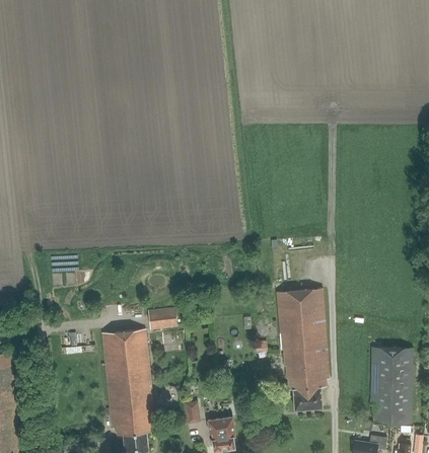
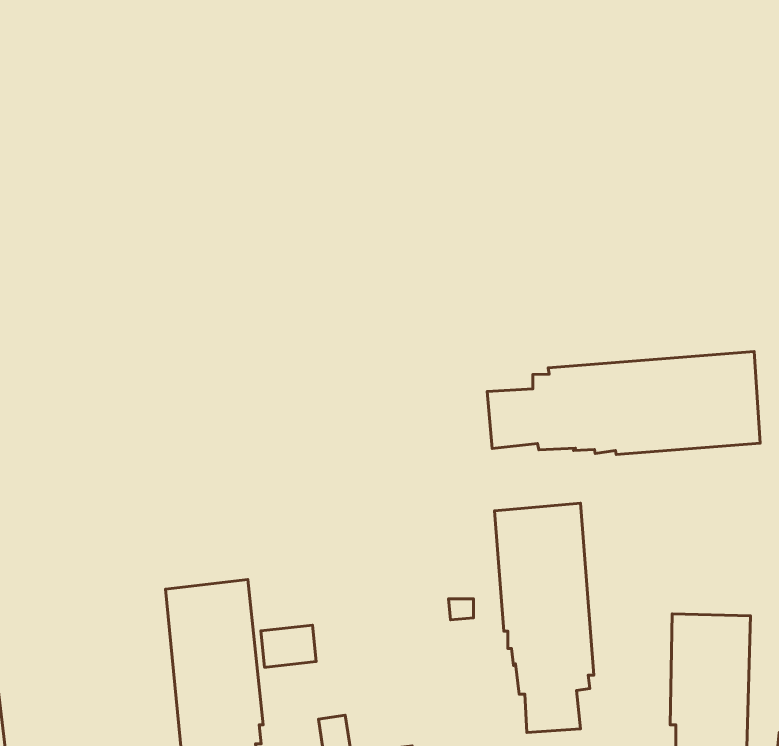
building: none -> [487,351,760,454]
building: [147,307,176,329] -> [261,625,316,667]

